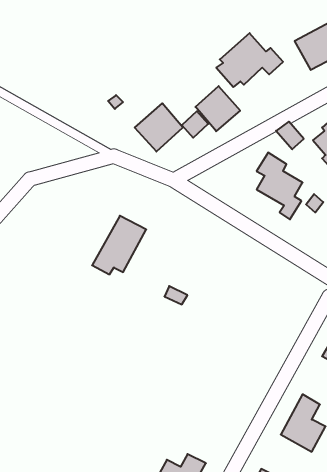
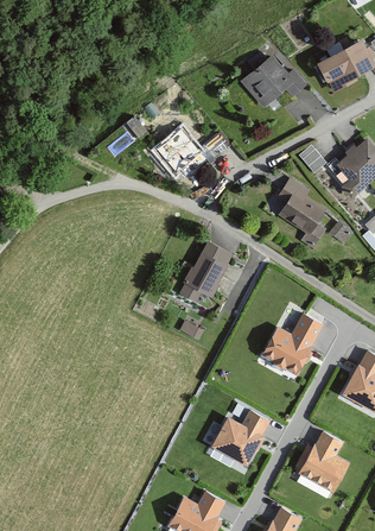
building: [195,86,240,131] -> none
building: [92,216,146,274] -> [177,242,233,303]
building: none -> [263,314,322,371]
building: none -> [215,409,269,460]

